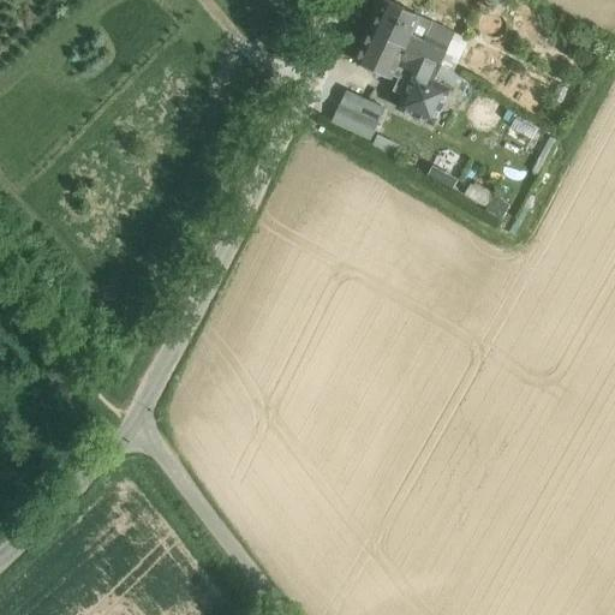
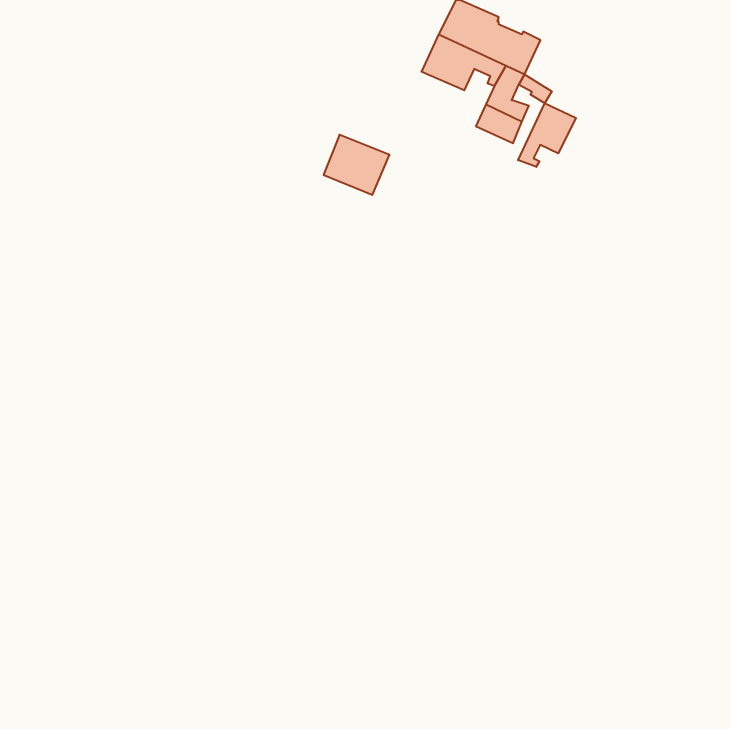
building: [332,89,387,139] -> [324,135,390,195]
building: none -> [518,103,576,167]

